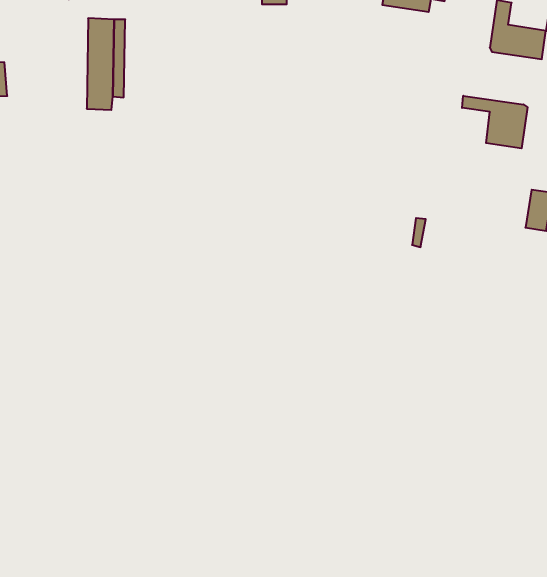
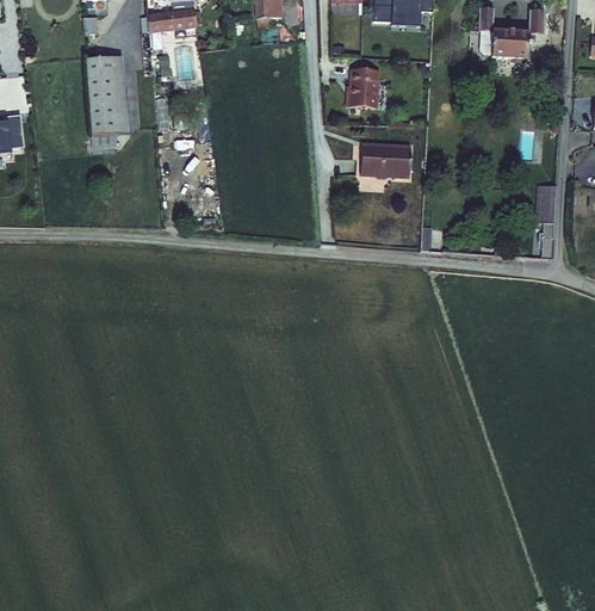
building: none -> [342,64,374,104]
building: [462,96,528,148] -> none
building: none -> [361,142,413,177]

